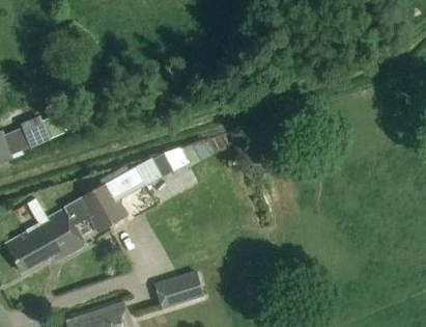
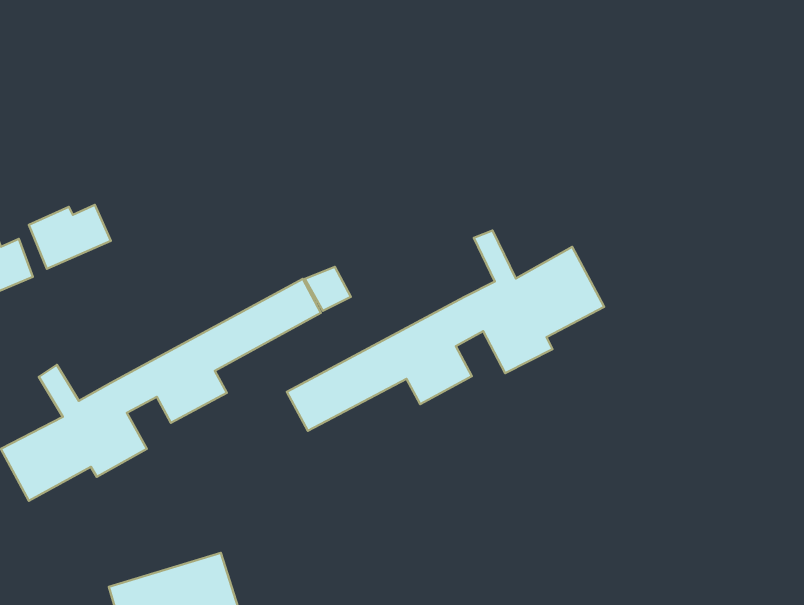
building: none -> [287,231,604,431]
building: [155,273,204,312] -> none

